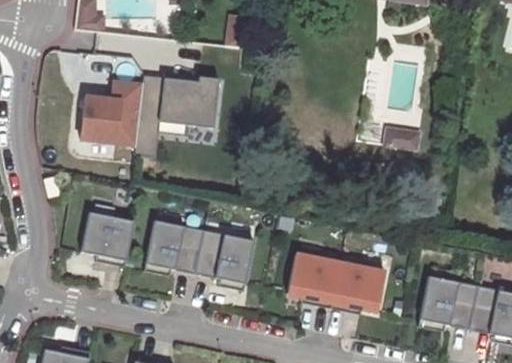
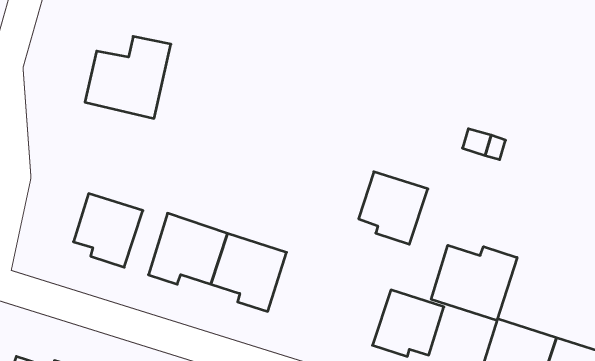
building: [135,75,217,158] -> none
building: none -> [431,245,517,320]
building: [288,253,341,308] -> [359,172,428,244]

